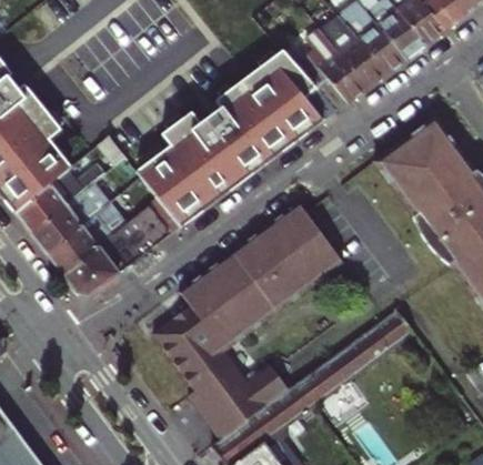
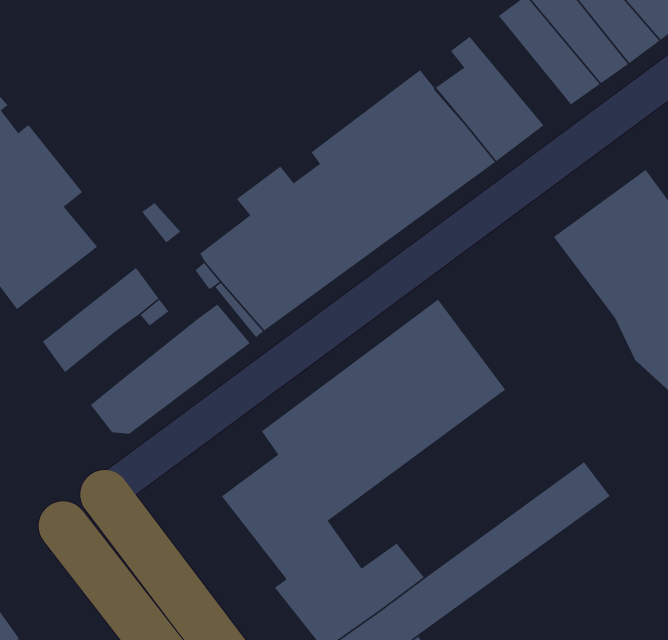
building: [318,12,385,85] -> none
building: [14,161,105,230] -> none
building: [47,223,98,272] -> none

